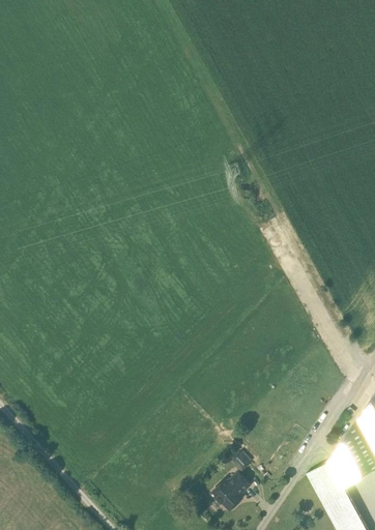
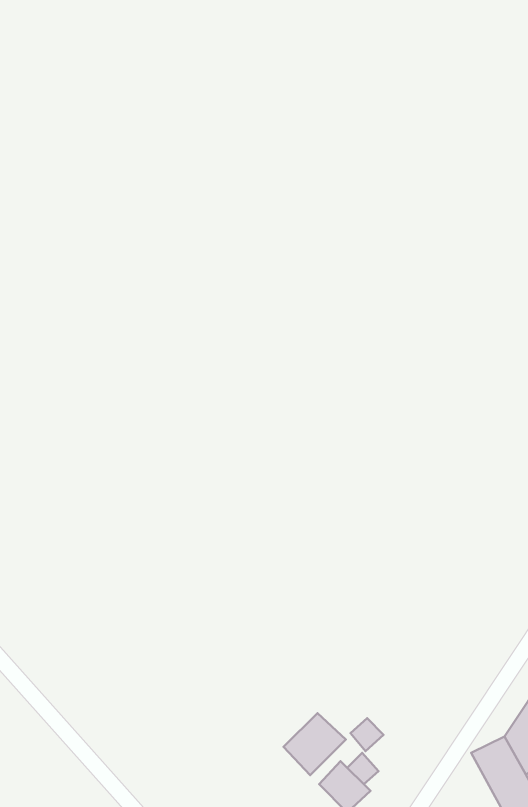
building: none -> [284,713,346,775]

